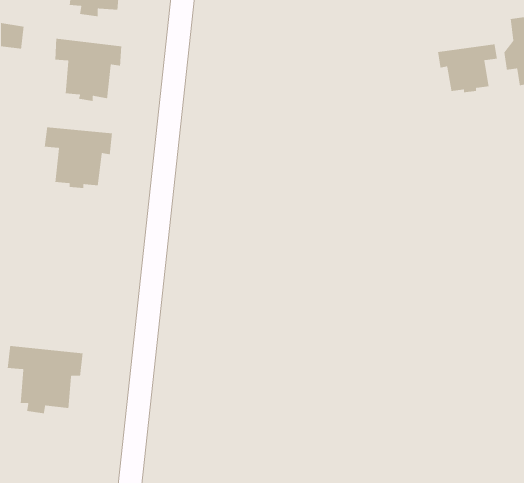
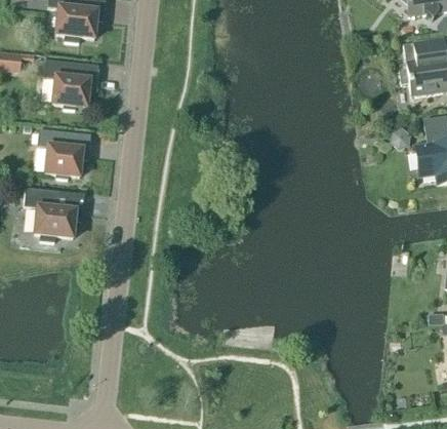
building: [437,43,498,93] -> none
building: [7,345,84,414] -> [25,187,85,241]

